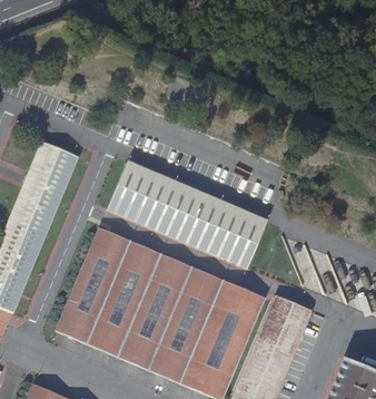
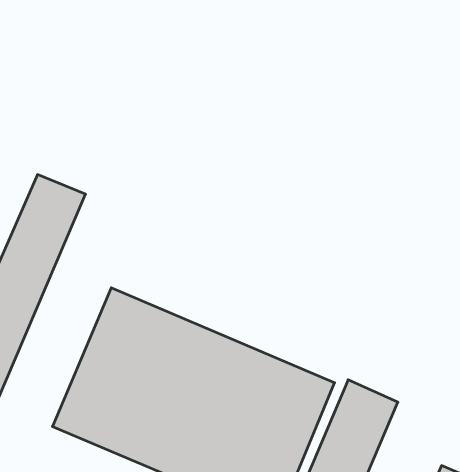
building: [108,162,265,267] -> none

